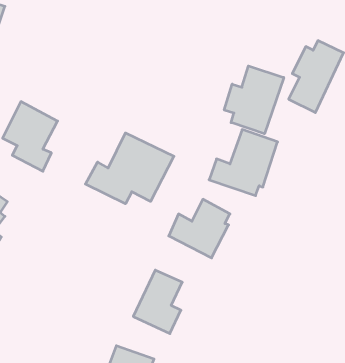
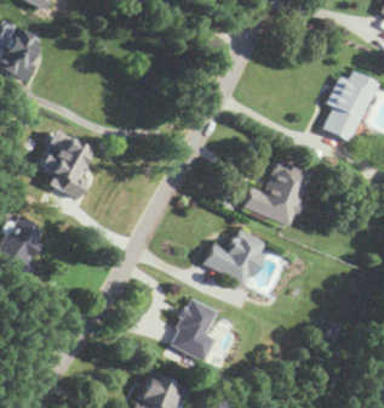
building: [224,66,284,134] -> none
building: [85,133,174,204] -> none

